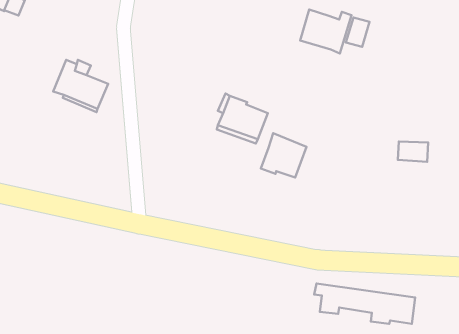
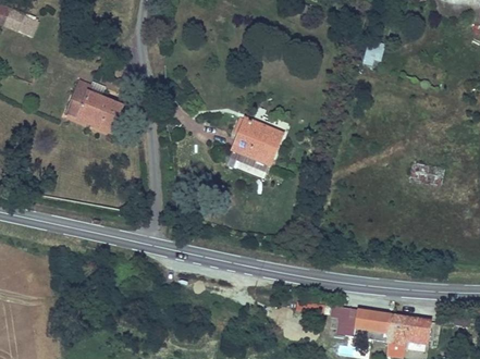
building: [300,9,352,54] -> none
building: [261,133,307,178] -> none

